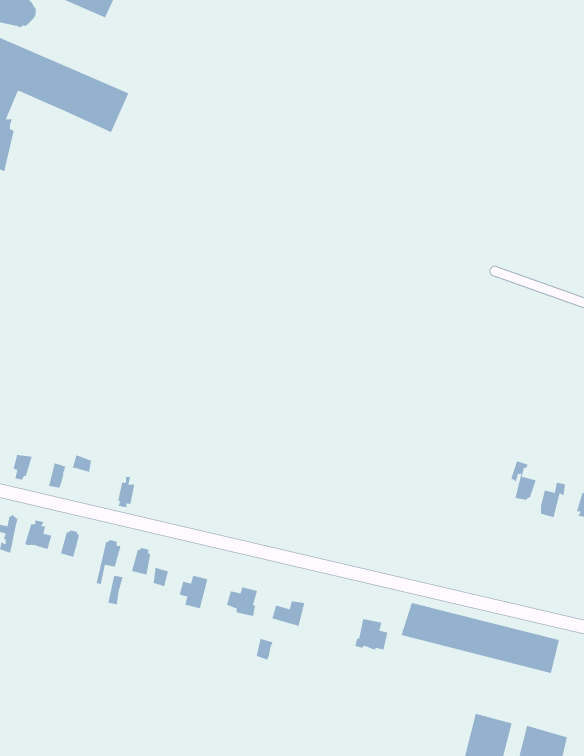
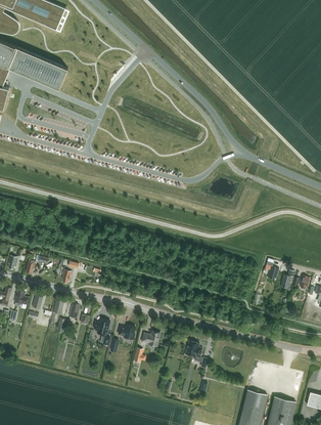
building: [401,602,559,674] -> none

